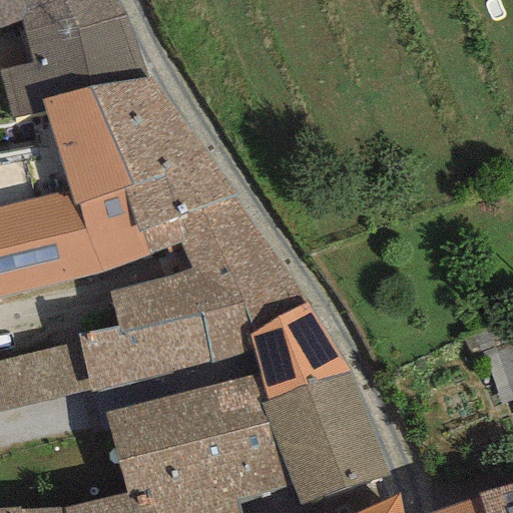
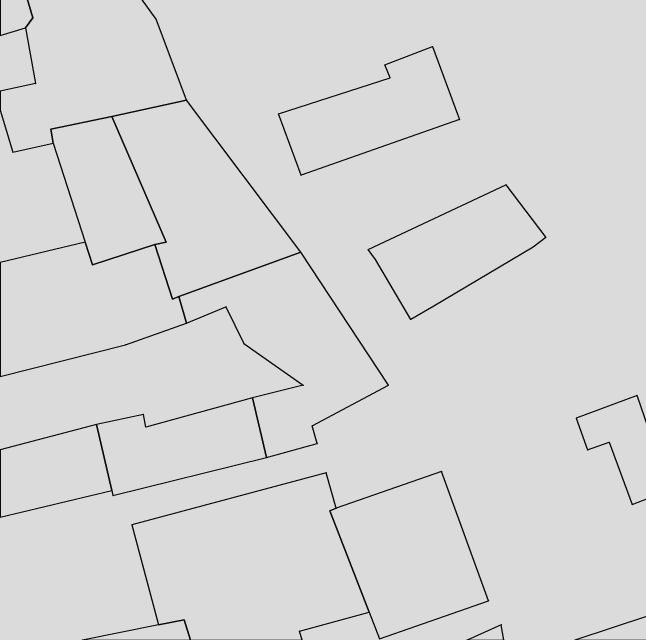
building: none -> [279,47,459,175]
building: none -> [368,185,546,319]
building: [109,272,241,338] -> none
building: [248,305,351,402] -> none

